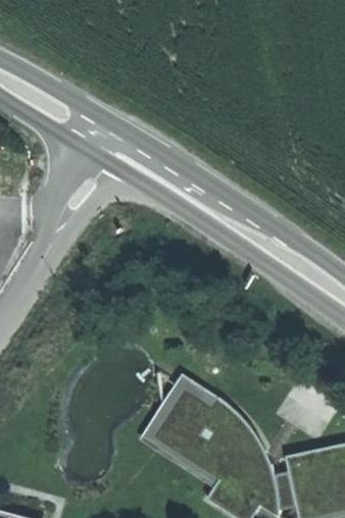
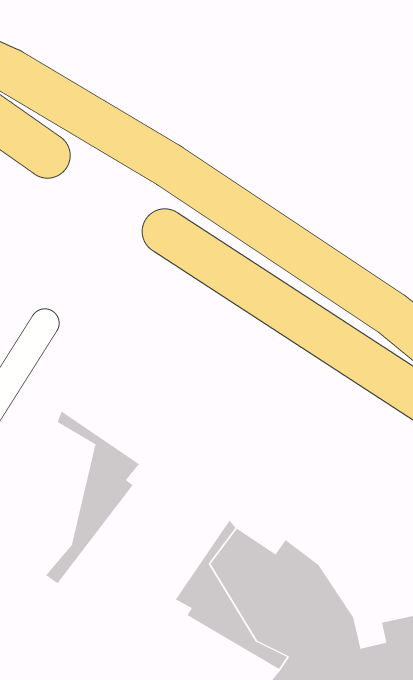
building: none -> [45,410,140,584]

